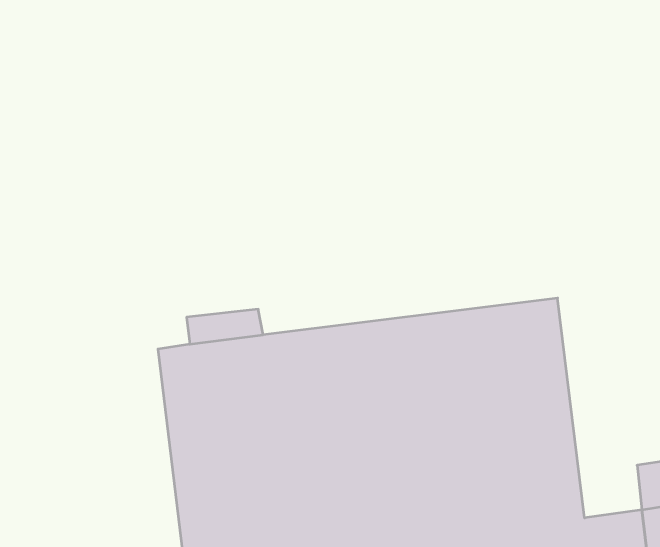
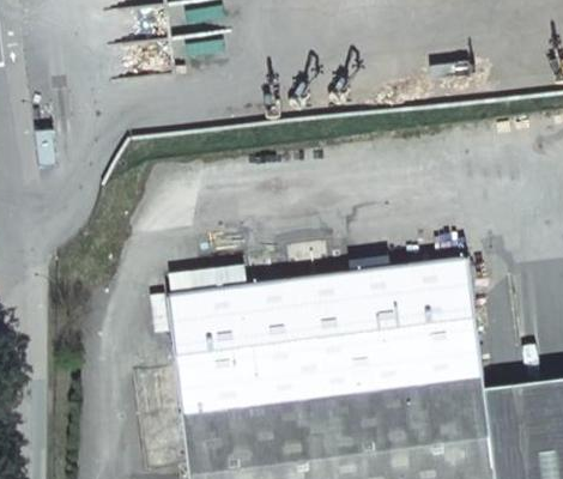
building: none -> [485,382,533,422]

